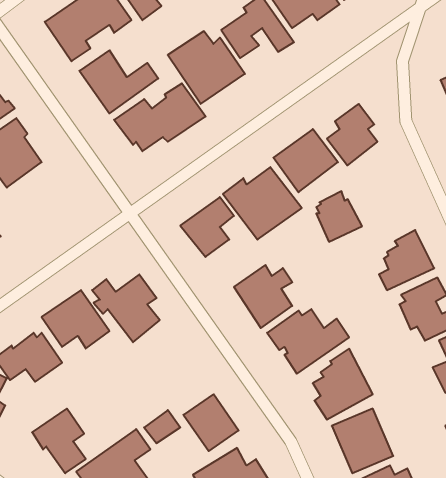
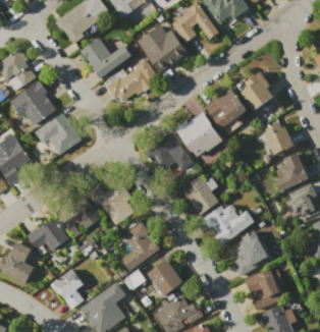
building: none -> [35,111,82,155]
building: [316,191,362,242] -> [264,122,294,155]
building: none -> [120,221,159,270]

